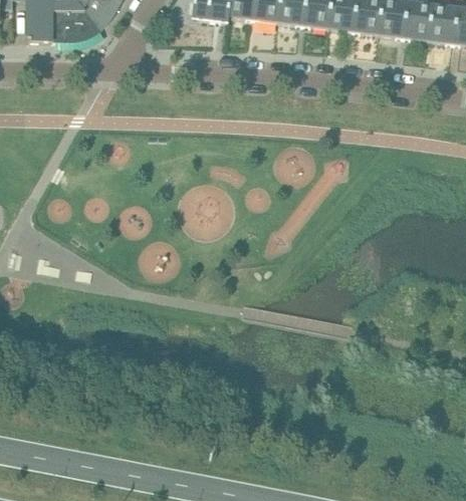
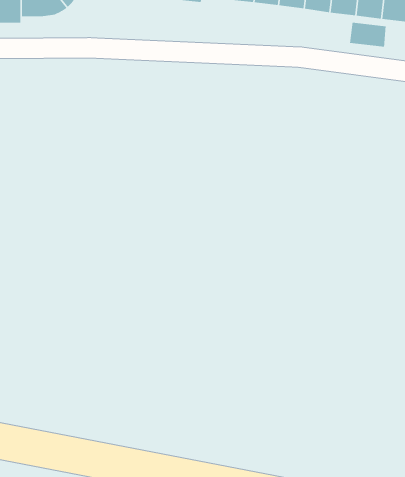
building: none -> [350,22,386,48]

